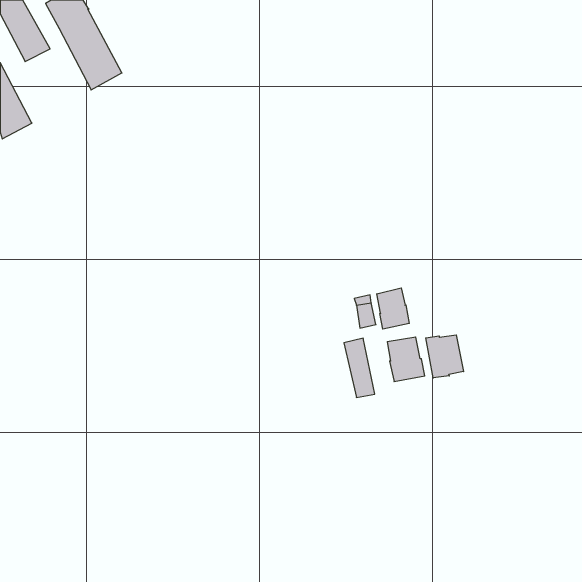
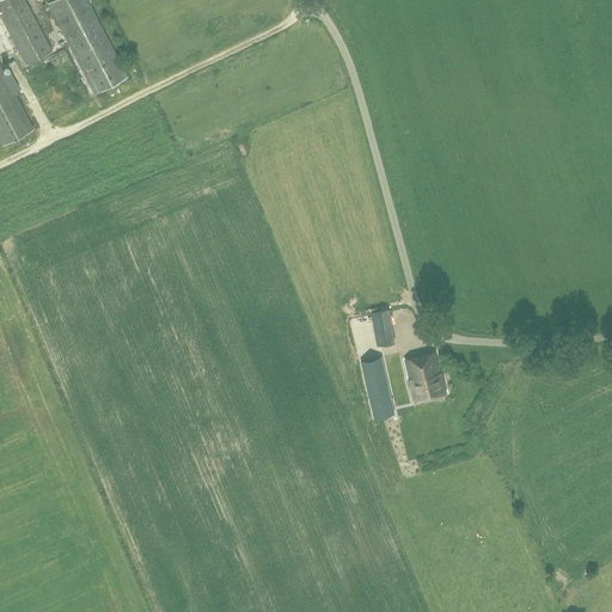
building: [377,288,409,329] -> none
building: [426,335,464,378] -> none

